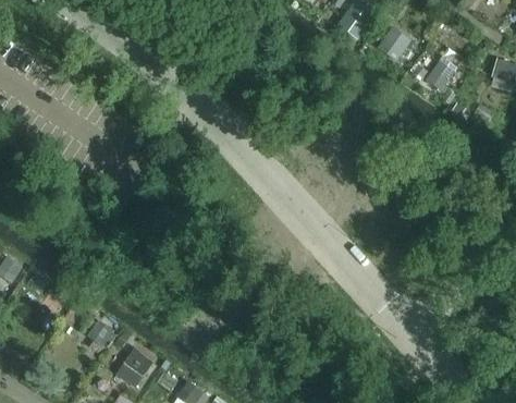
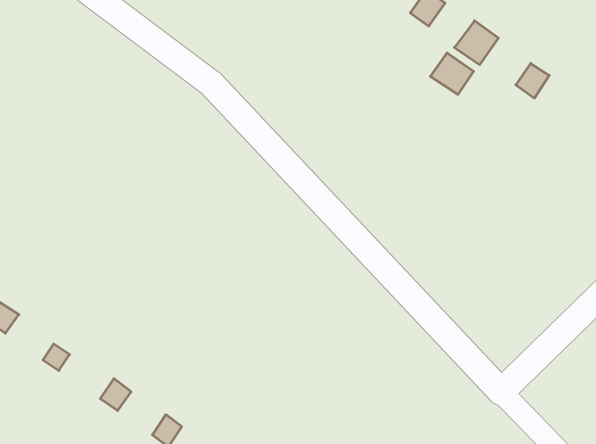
building: none -> [430,53,474,94]

